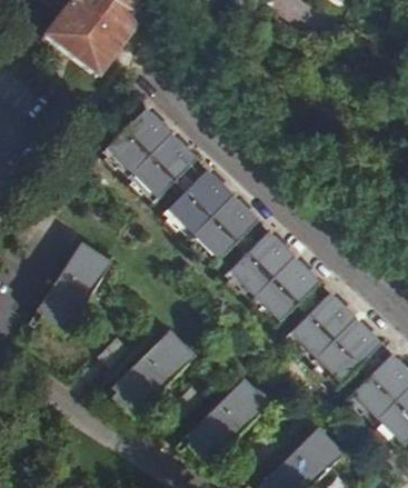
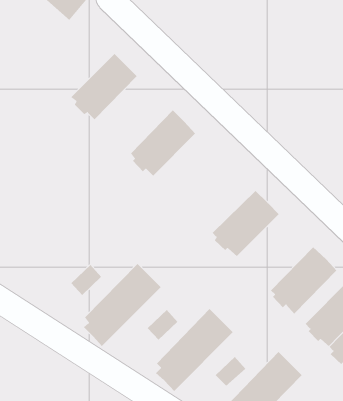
building: [122,132,193,205] -> none
building: [185,193,257,265] -> none
building: [222,228,293,299] -> none
building: [38,243,115,337] -> none
building: [285,289,355,360] -> none

